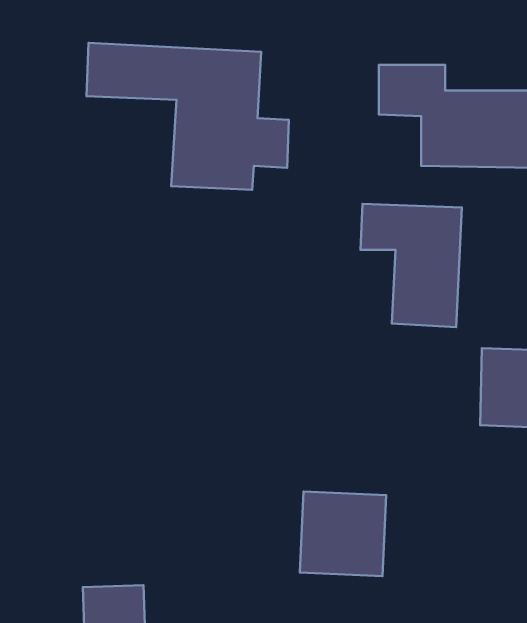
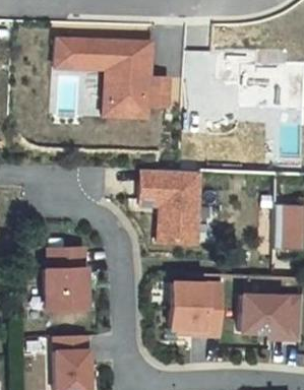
building: [361,204,462,327] -> [142,172,198,240]
building: none -> [45,249,85,309]
building: none -> [245,295,296,339]

